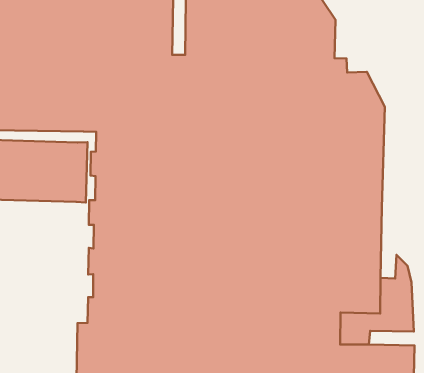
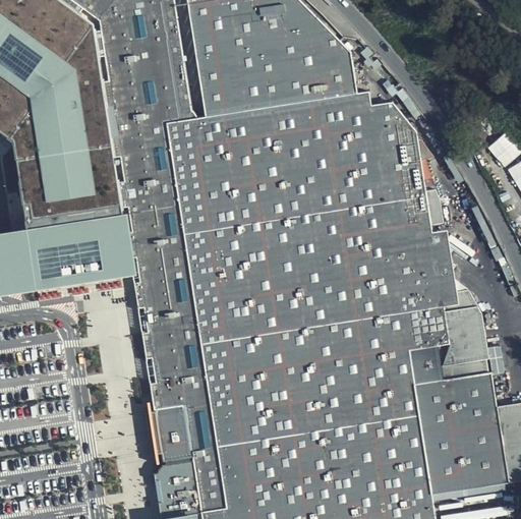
building: none -> [432,232,459,306]
building: none -> [443,355,490,377]

